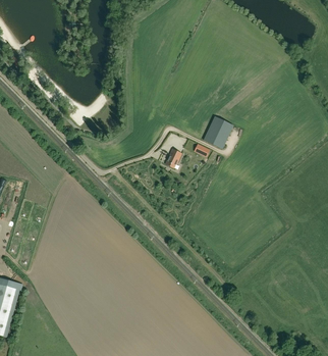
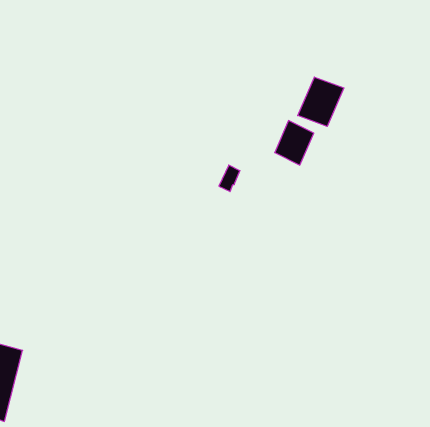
building: none -> [298,77,344,126]

